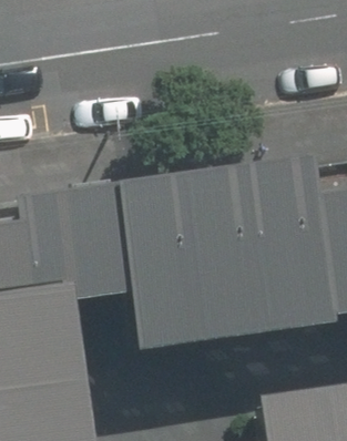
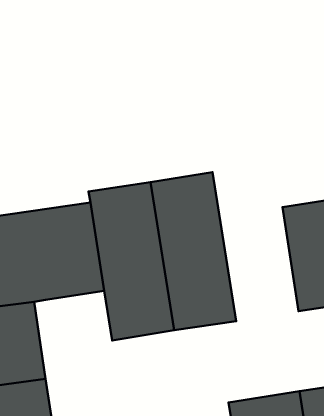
building: [225,170,309,325] -> none

